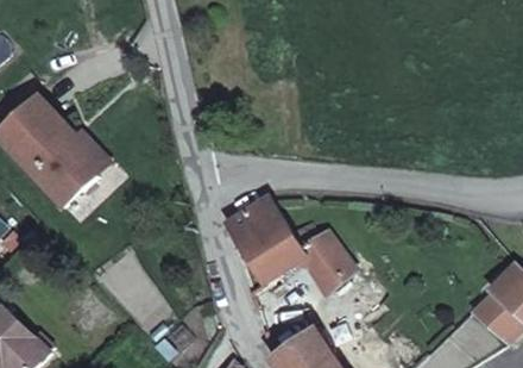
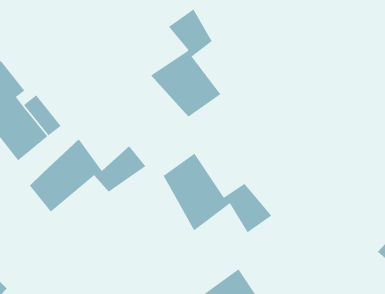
building: none -> [150,9,221,118]
building: none -> [29,138,146,213]

